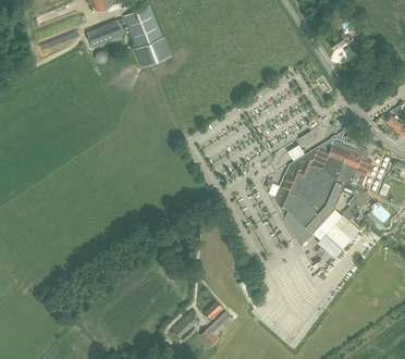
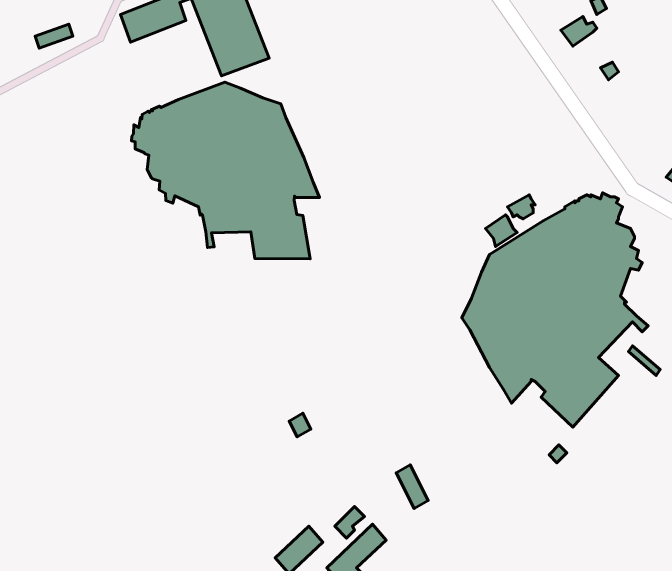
building: none -> [131,82,319,259]

